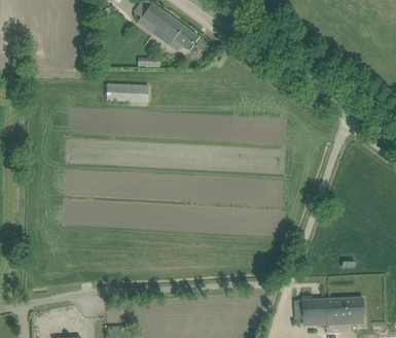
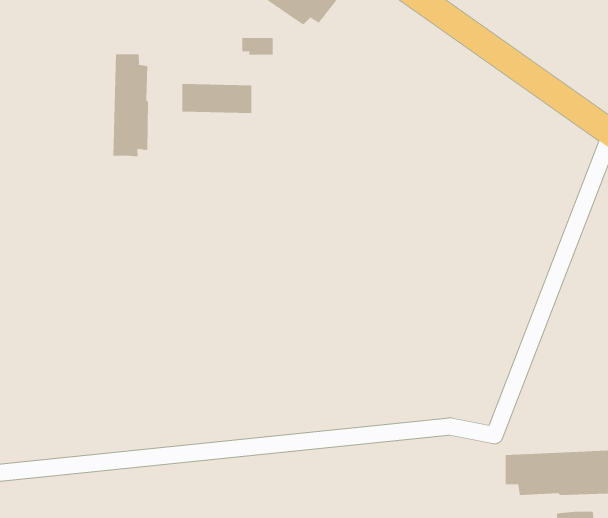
building: none -> [113,53,148,157]

